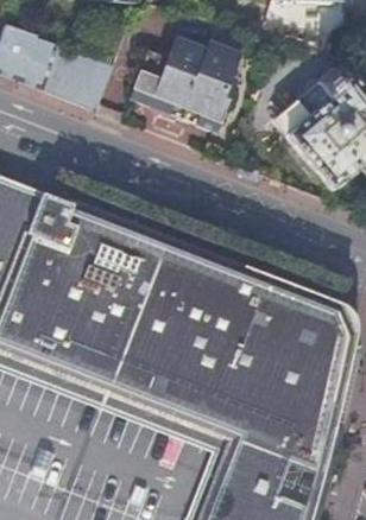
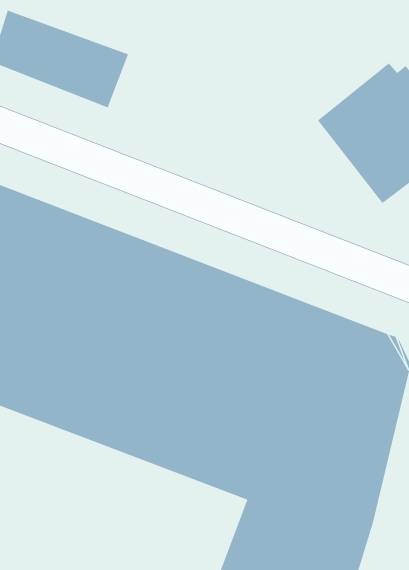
building: [138,39,242,133] -> none

